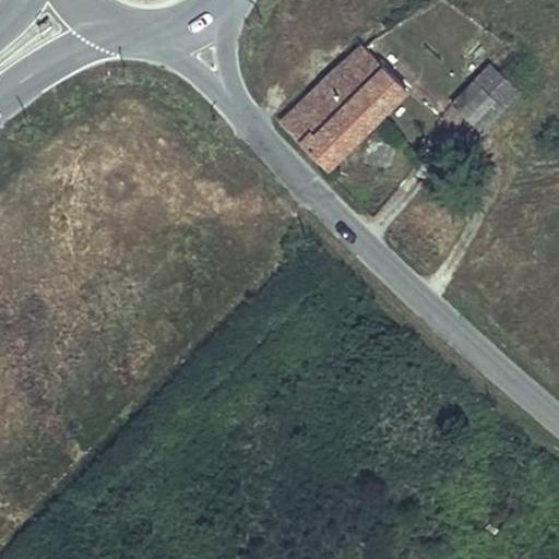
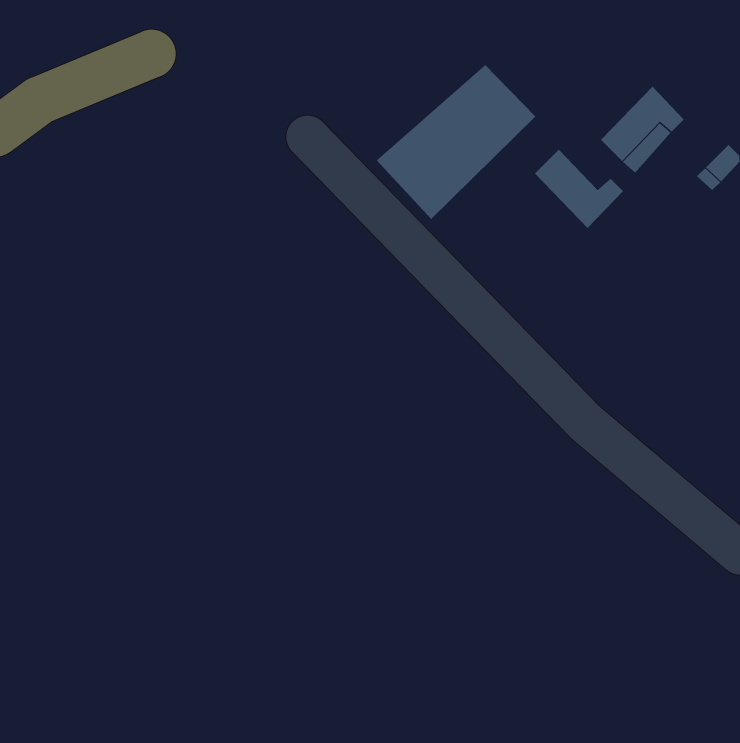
building: none -> [534,149,624,229]

